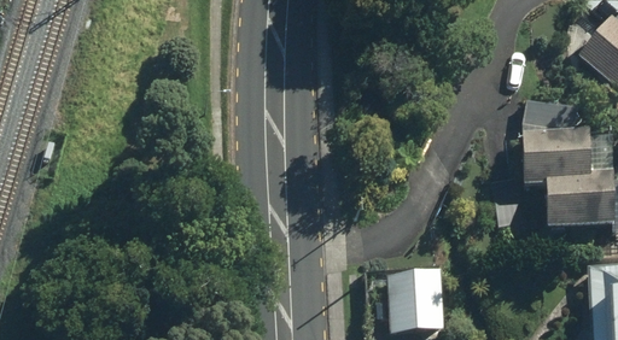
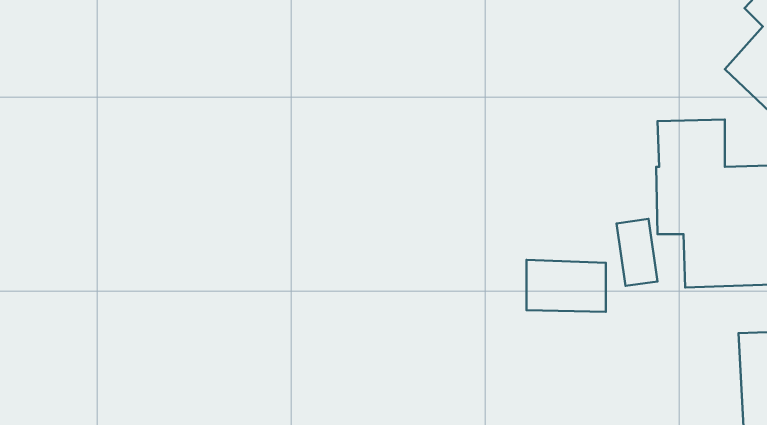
building: [393,287,456,328] -> [527,260,606,312]

